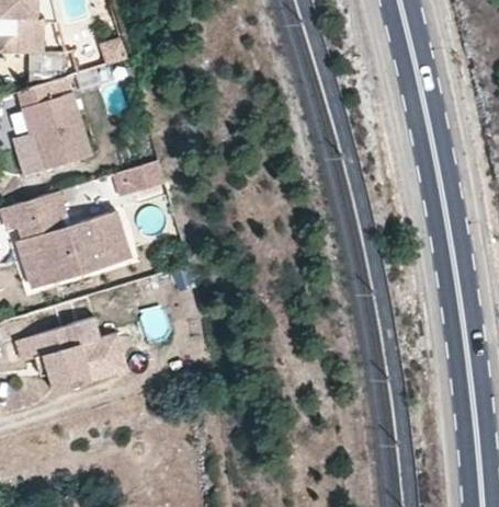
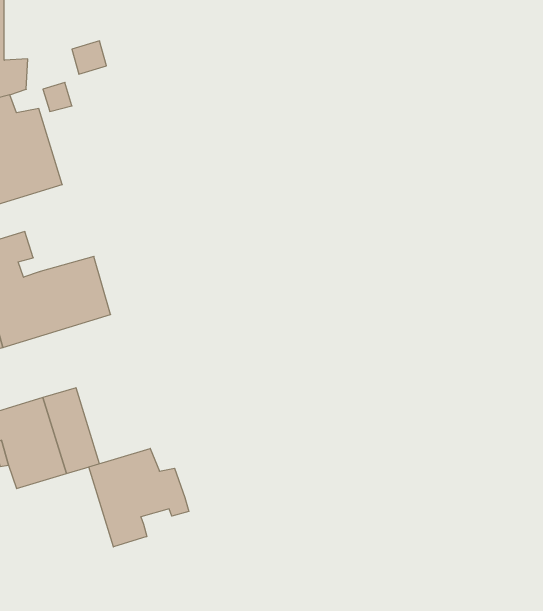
building: [111,162,166,199] -> none
building: none -> [89,448,189,547]

